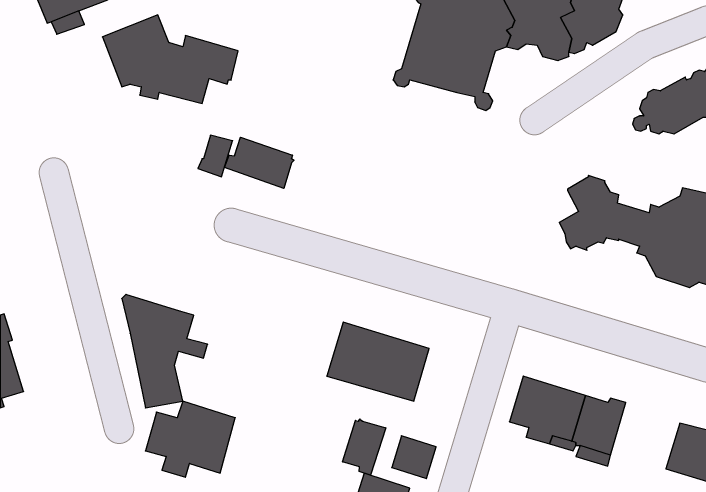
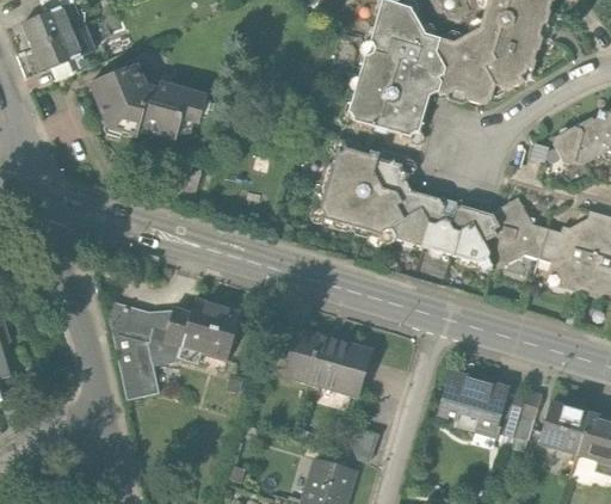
building: none -> [319,146,500,263]
building: [224,137,294,188] -> none
building: [145,401,235,477] -> [162,299,240,364]
building: none -> [539,404,587,454]
building: [343,419,386,475] -> none

